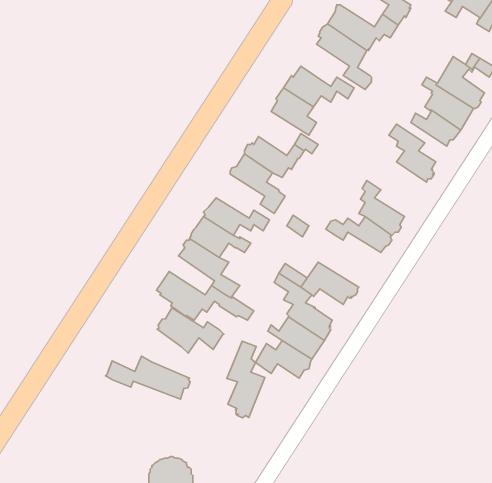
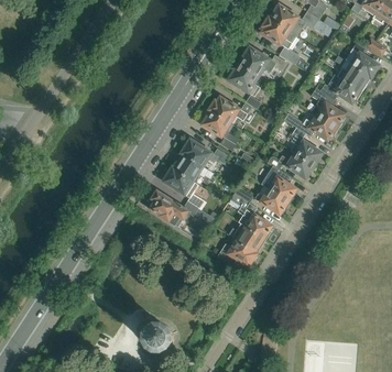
building: none -> [283,114,336,140]
building: none -> [260,166,294,203]
building: [157,308,224,353] -> none
building: [227,341,265,418] -> none
building: [105,356,190,399] -> none

